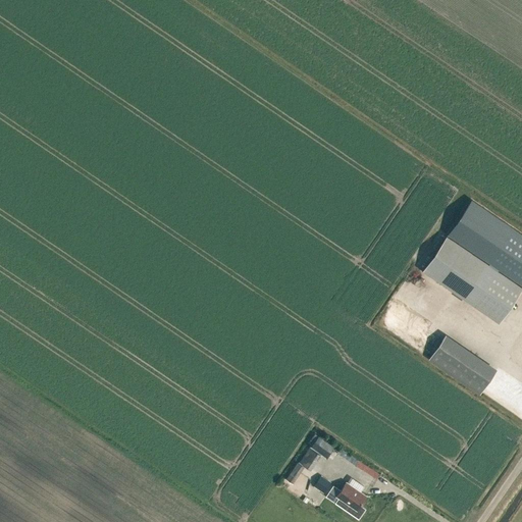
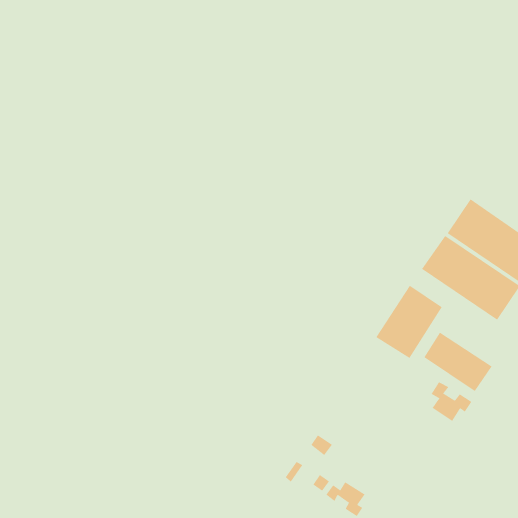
building: none -> [376,285,443,359]
building: none -> [431,381,472,422]

